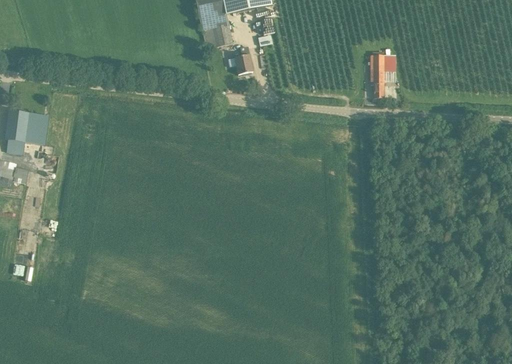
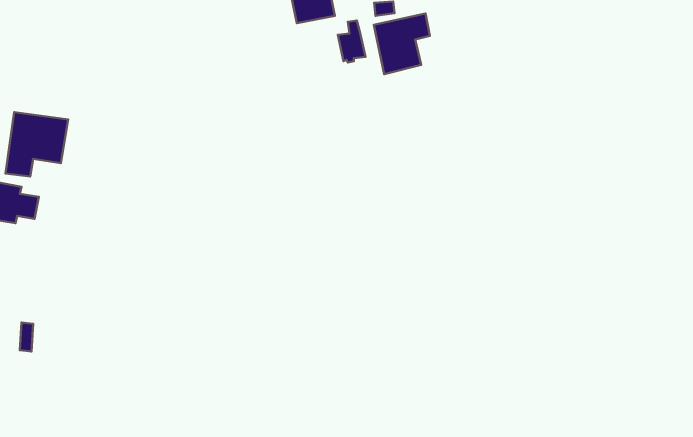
building: none -> [374,13,430,74]
building: [369,54,394,97] -> none

